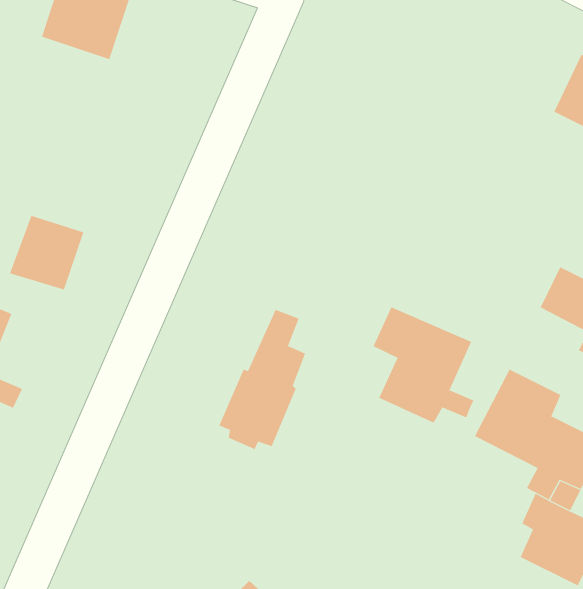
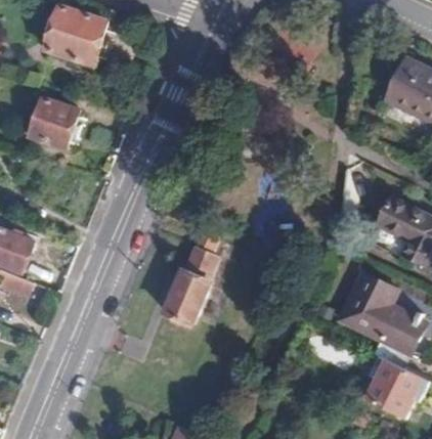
building: [9,215,84,290] -> [32,97,82,147]
building: [373,307,474,423] -> none

